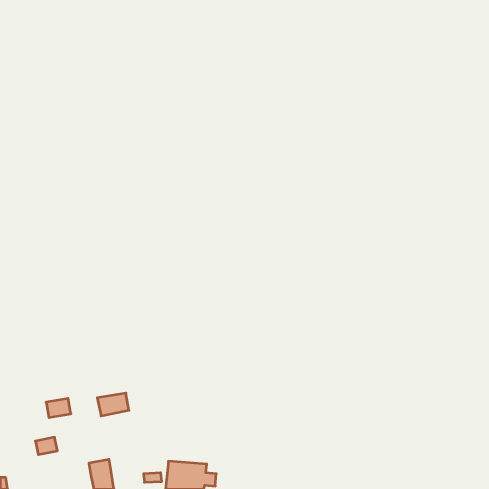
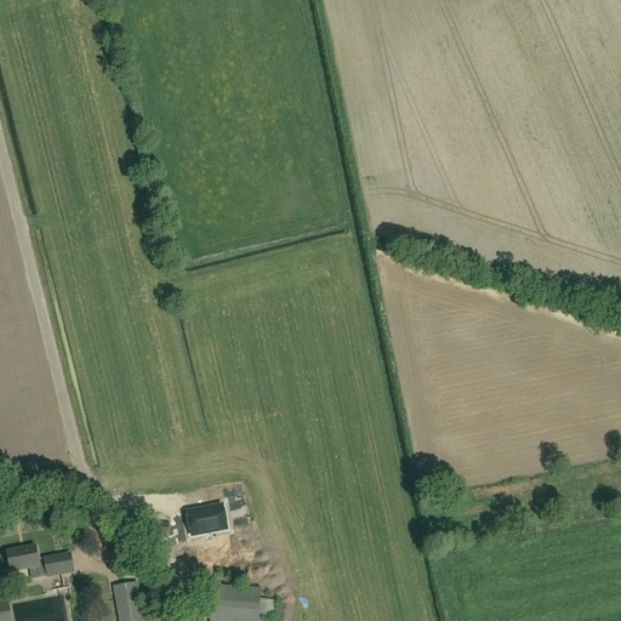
building: [97,393,129,416] -> [187,507,227,536]
building: [46,398,71,418] -> [7,547,39,571]

